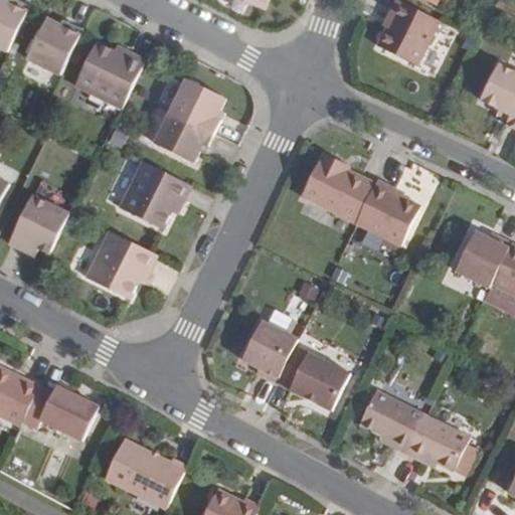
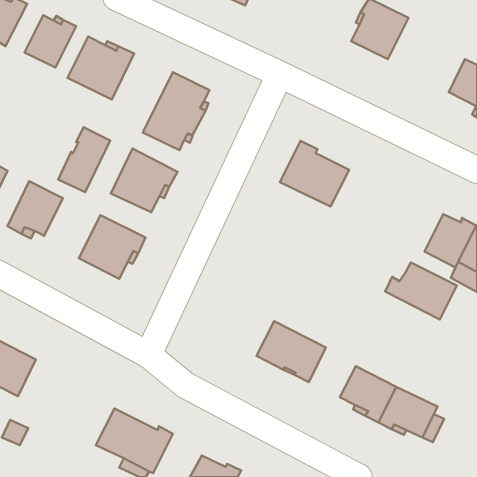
building: none -> [58,127,110,192]
building: [354,178,419,243] -> none
building: none -> [385,262,457,320]
building: [241,319,297,381] -> none
building: [21,382,98,440] -> none

